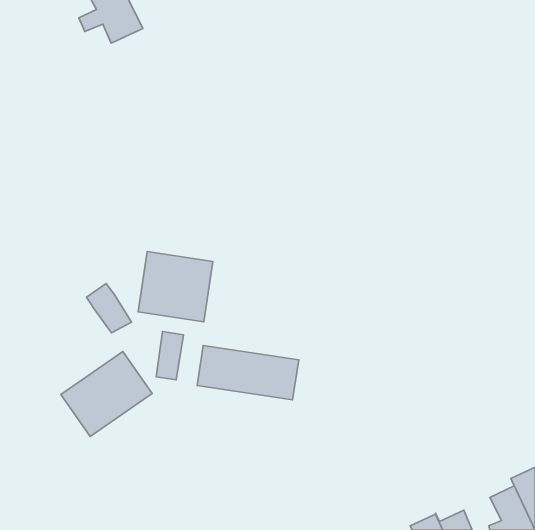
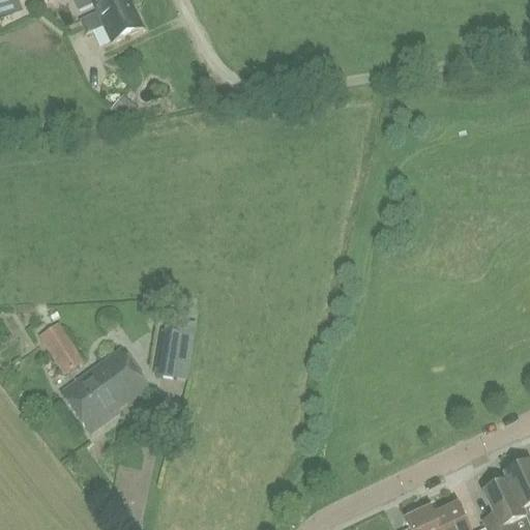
building: [138,251,213,322] -> none
building: [86,283,131,333] -> [38,321,83,370]
building: [197,345,299,400] -> none

